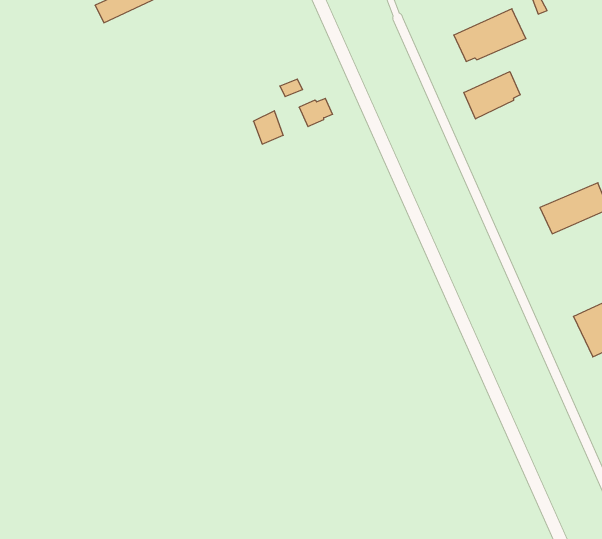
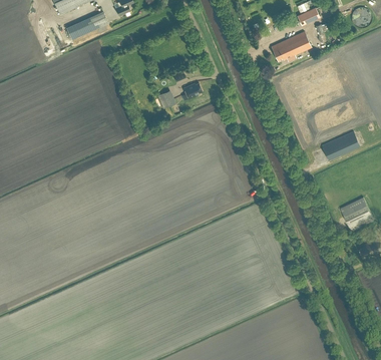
building: [464,72,520,119] -> none

